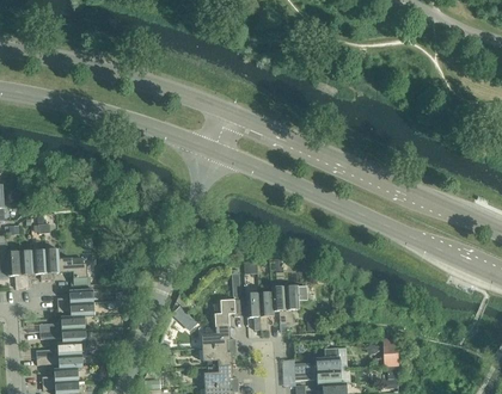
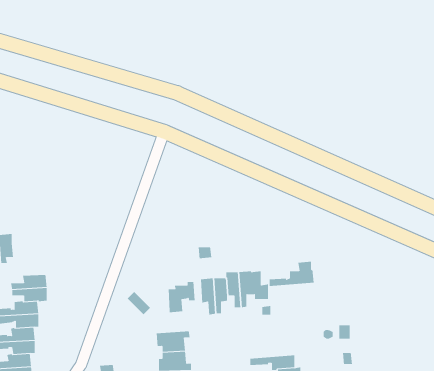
building: [59,257,90,284] -> none
building: [201,326,234,347] -> none
building: [294,347,339,373] -> [269,261,314,286]

